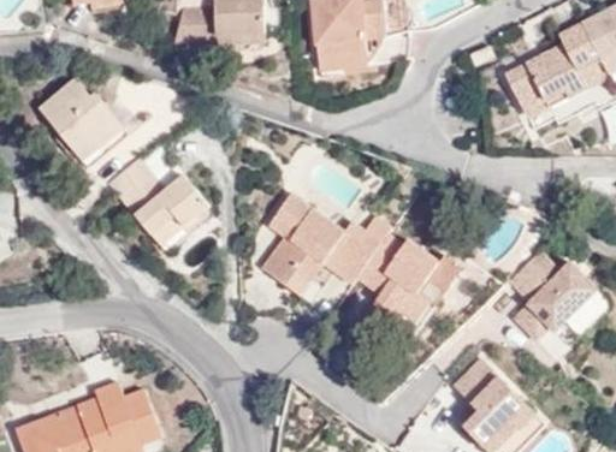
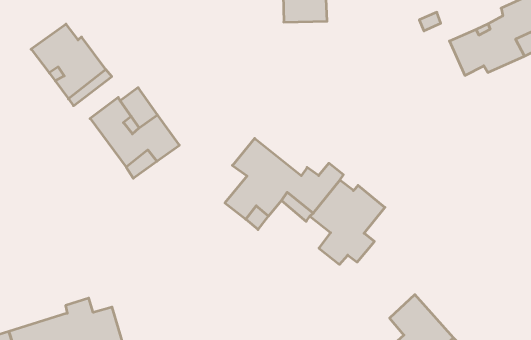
building: [509,251,598,341] -> none

